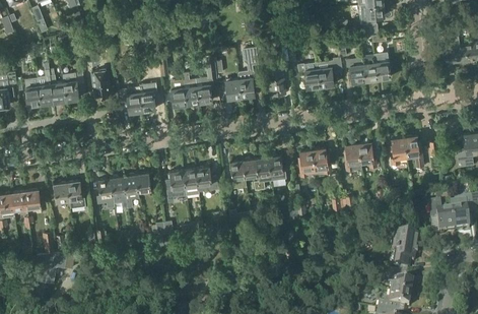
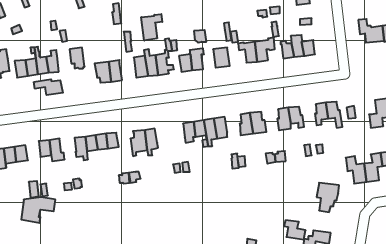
building: none -> [141,14,162,41]
building: none -> [34,79,63,95]
building: [195,165,218,190] -> none
building: [385,270,411,294] -> [284,220,306,239]

